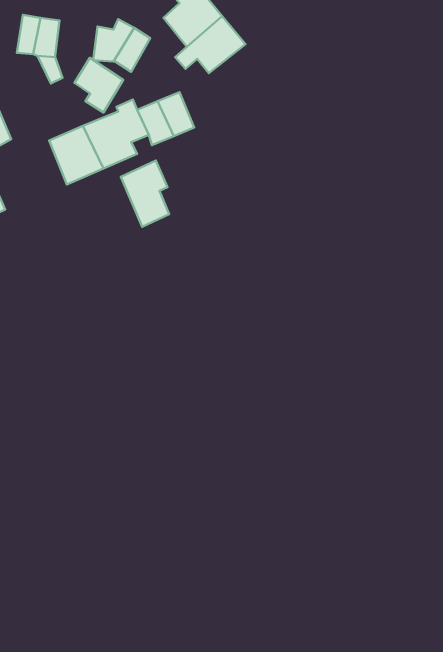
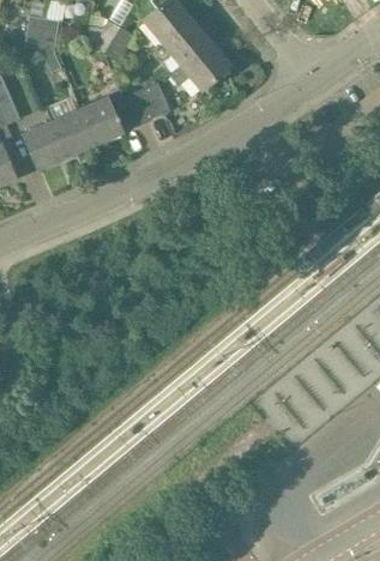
building: none -> [168,41,231,90]
building: [75,58,123,113] -> none
building: none -> [22,120,65,168]
building: [121,161,169,227] -> none

